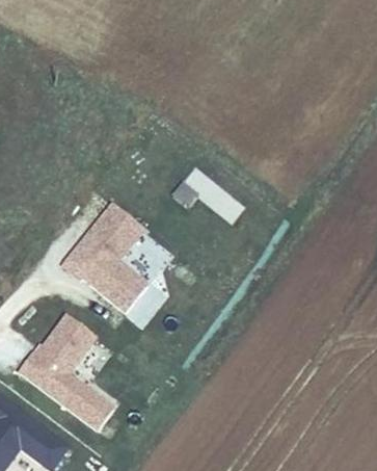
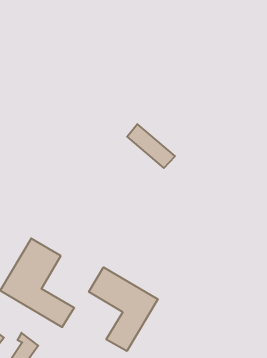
building: [68,205,152,313] -> none
building: none -> [89,267,158,351]

